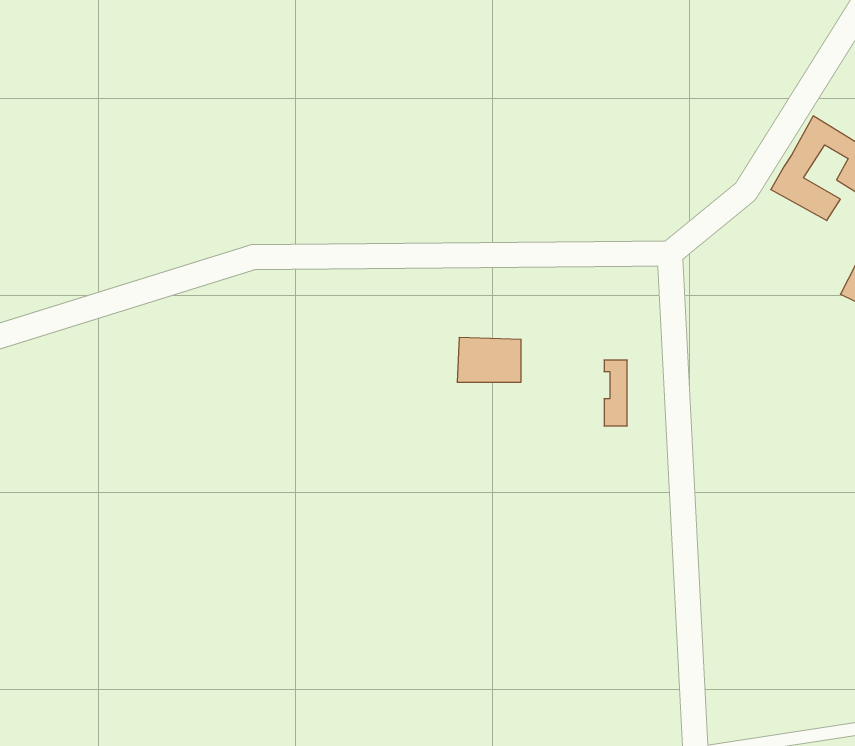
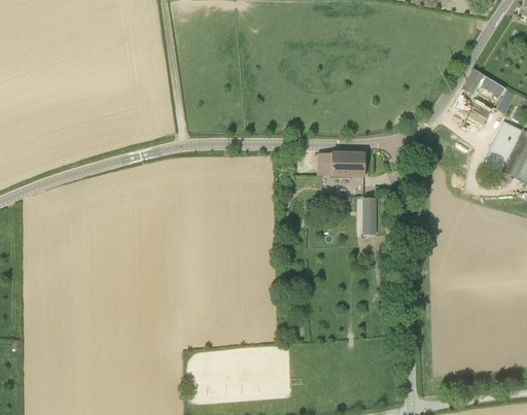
building: [457,338,521,382] -> [330,151,364,175]

